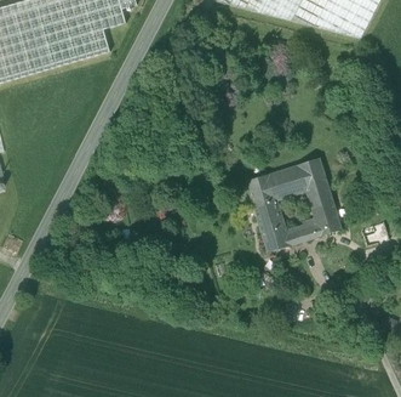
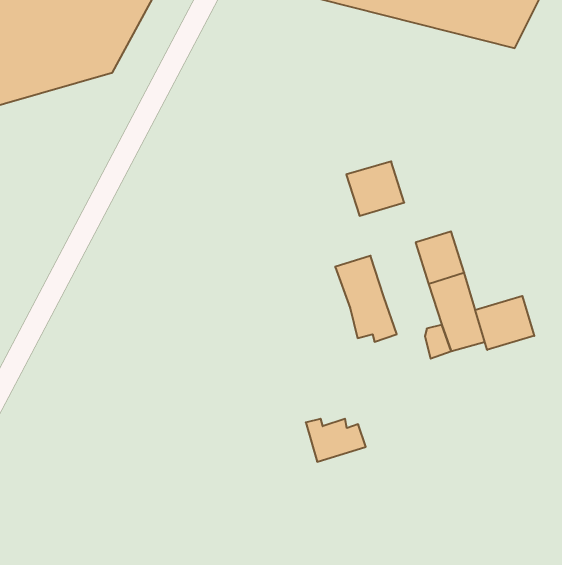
building: [268,164,305,199] -> [346,161,404,216]
building: none -> [475,296,534,350]
building: [259,223,298,251] -> [306,419,366,462]

